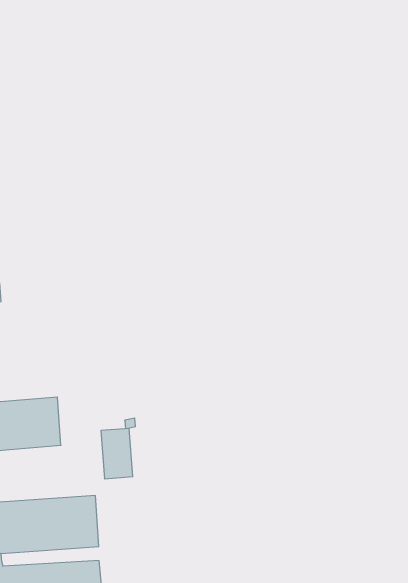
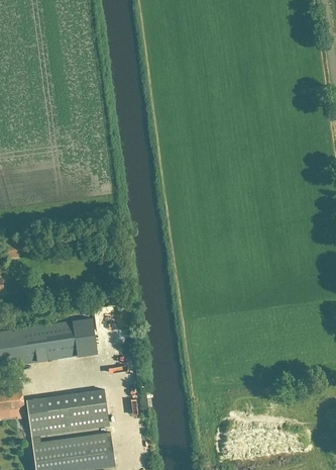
building: [101,428,133,479] -> [73,317,98,355]

